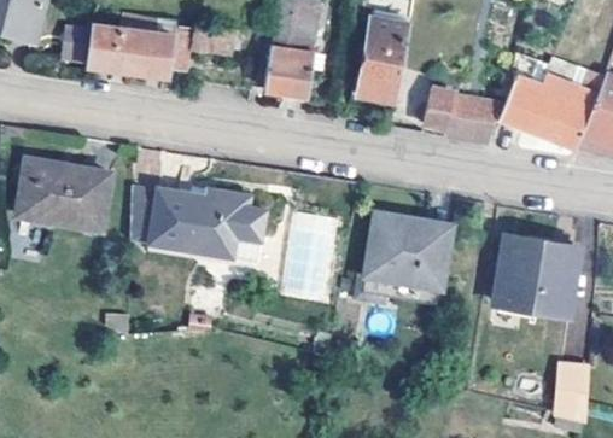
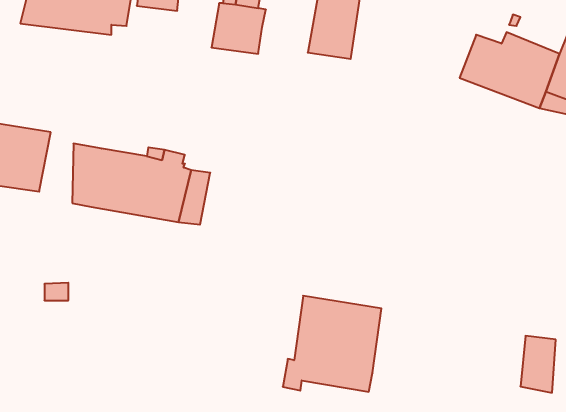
building: [425,88,501,144] -> none
building: [356,214,450,305] -> [283,296,381,392]
building: [495,236,577,314] -> none

